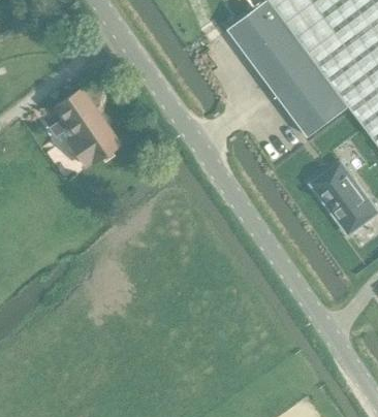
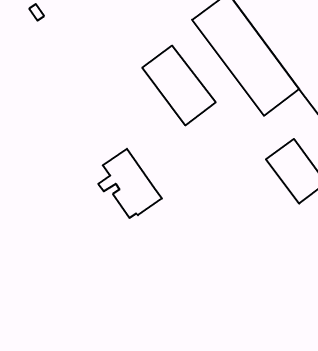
building: none -> [142,46,216,125]
building: [49,89,120,166] -> [98,149,162,218]

